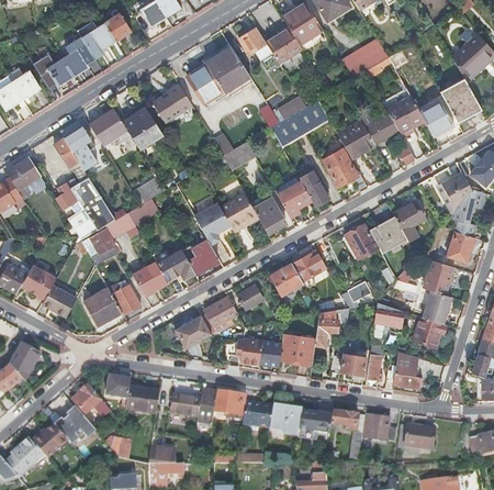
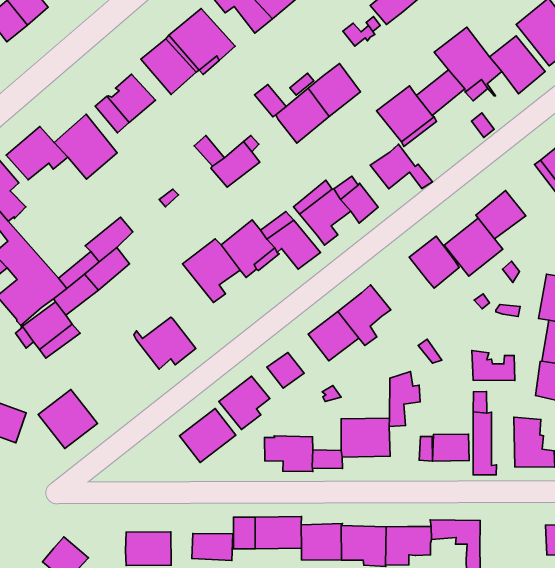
building: [182,236,218,276] -> none
building: [132,260,168,296] -> none
building: [113,285,141,314] -> none
building: [105,375,131,399] -> none
building: [361,413,389,441] -> none

